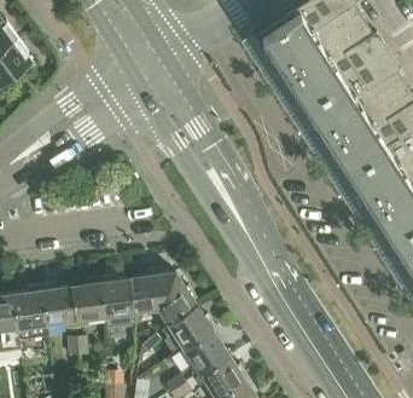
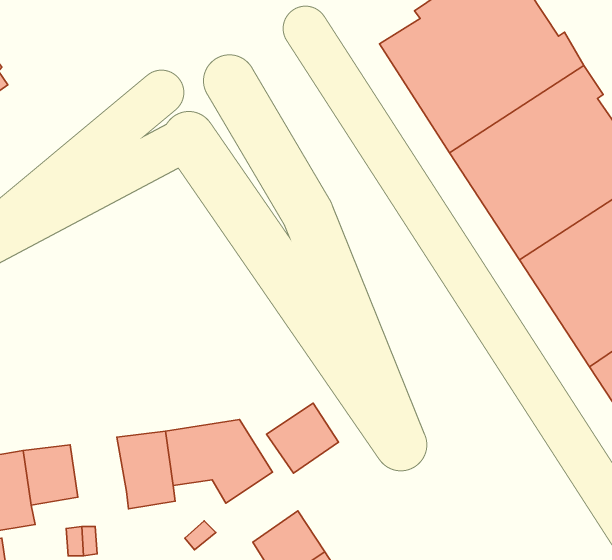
building: [69,283,104,321] -> none
building: [165,305,210,348] -> [266,403,338,473]

